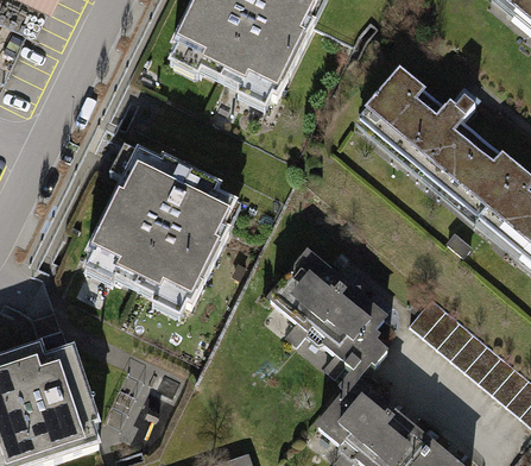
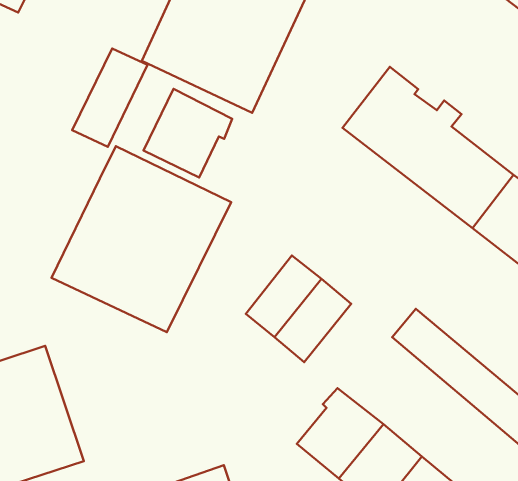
building: none -> [72,48,147,147]
building: none -> [143,89,232,177]
building: [318,292,396,373] -> none

